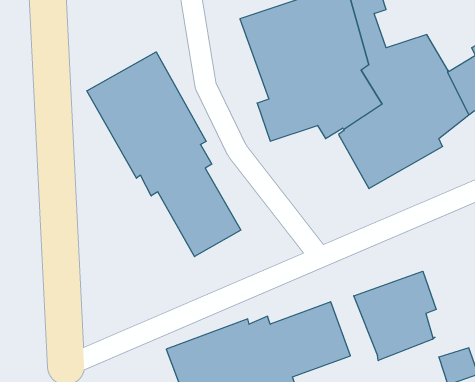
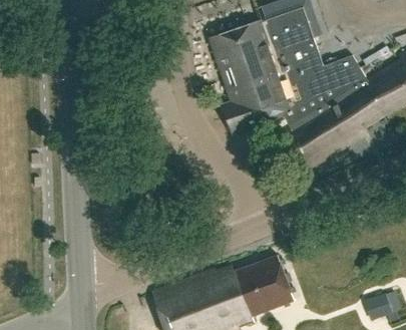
building: [87,52,241,257] -> none
building: [354,271,436,361] -> none

